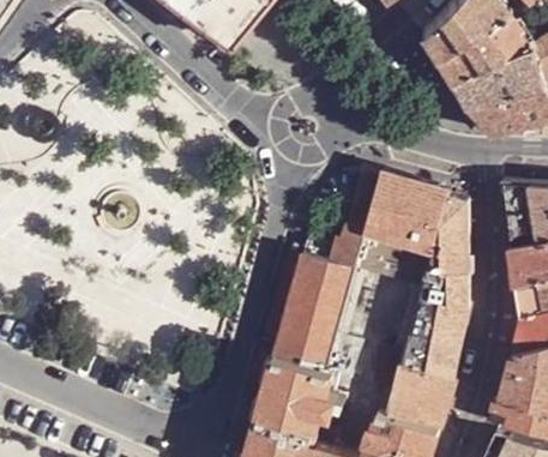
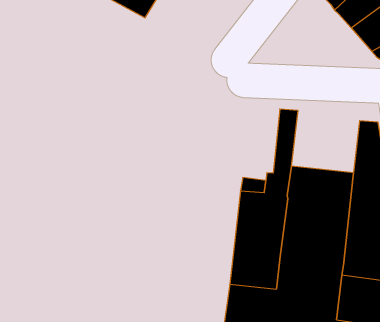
building: [366,173,452,255] -> none

